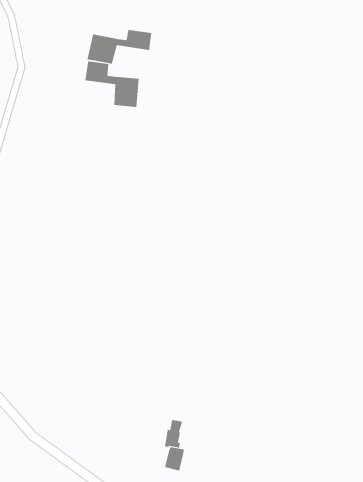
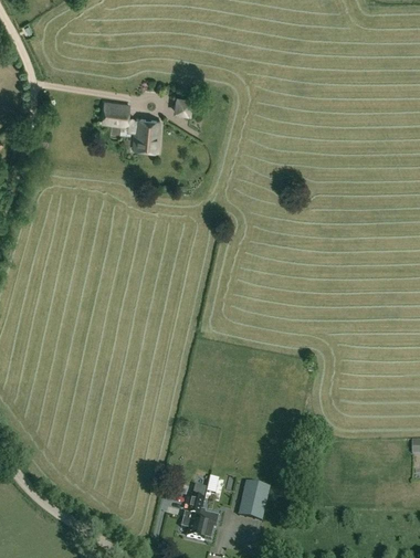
building: [87,29,152,65] -> none
building: none -> [231,476,267,515]

